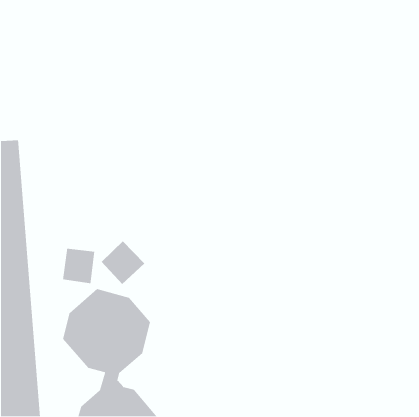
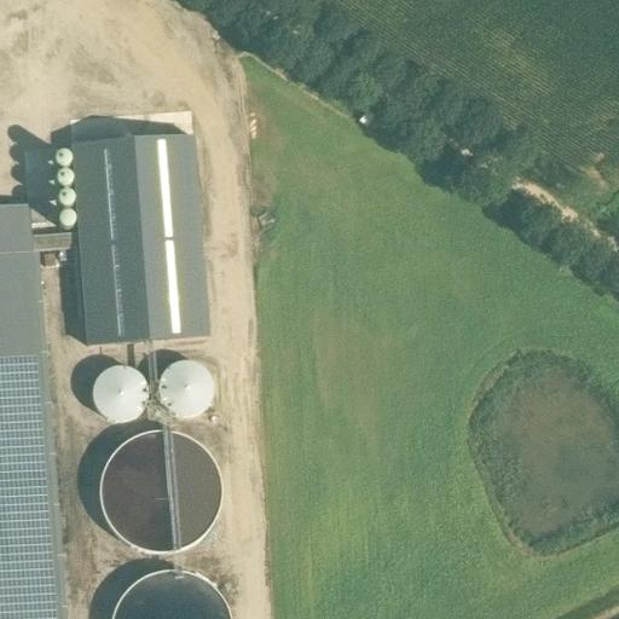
building: none -> [71,135,210,348]

